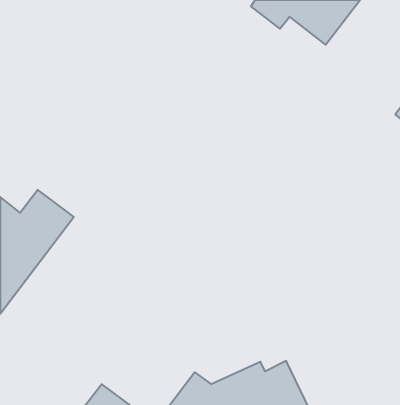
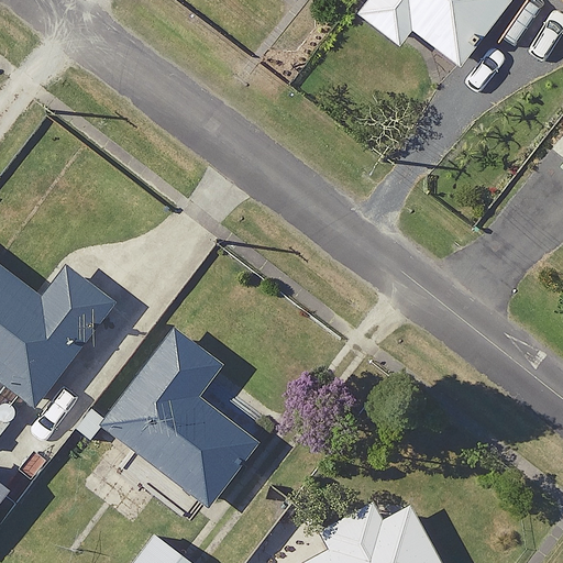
building: none -> [100,327,257,512]

